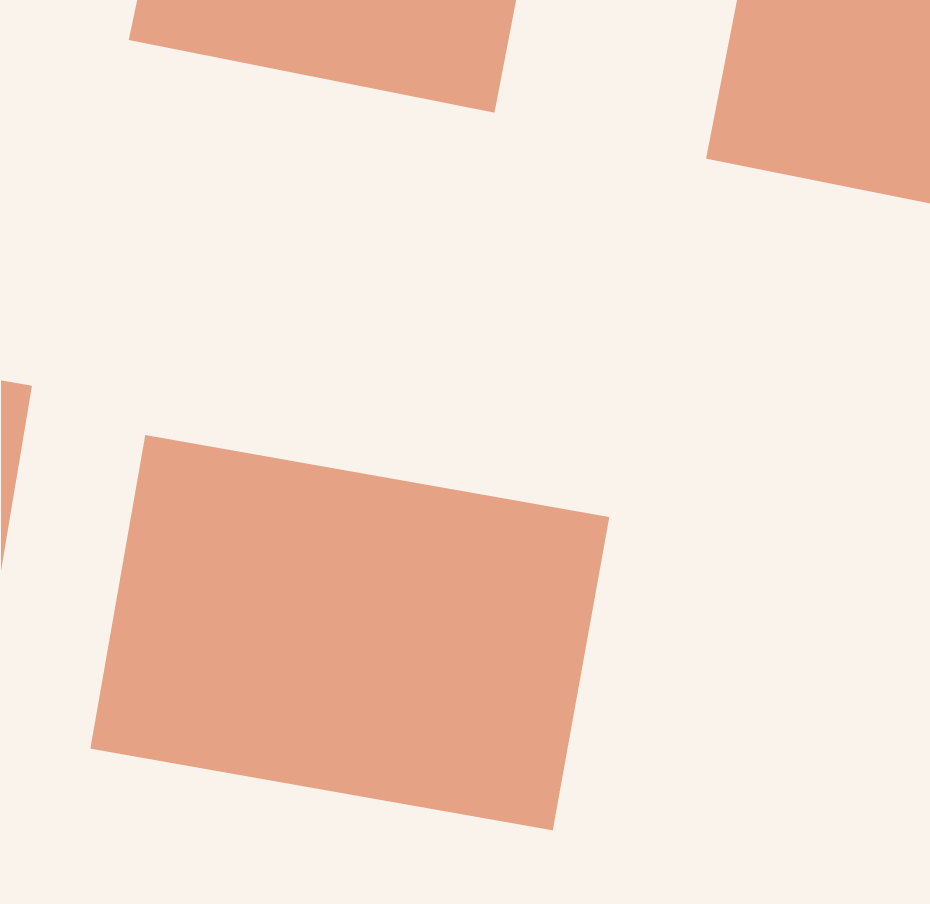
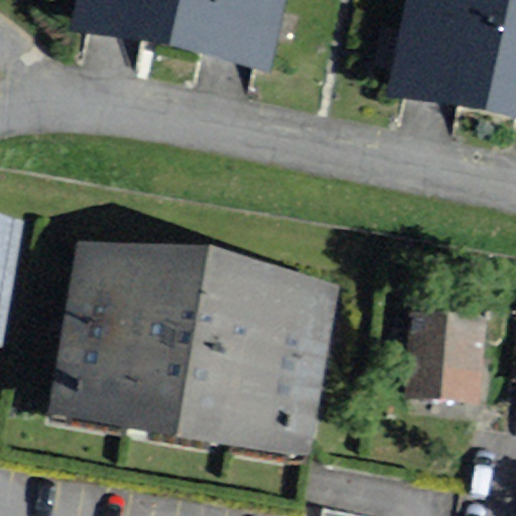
building: none -> [411,297,484,396]

